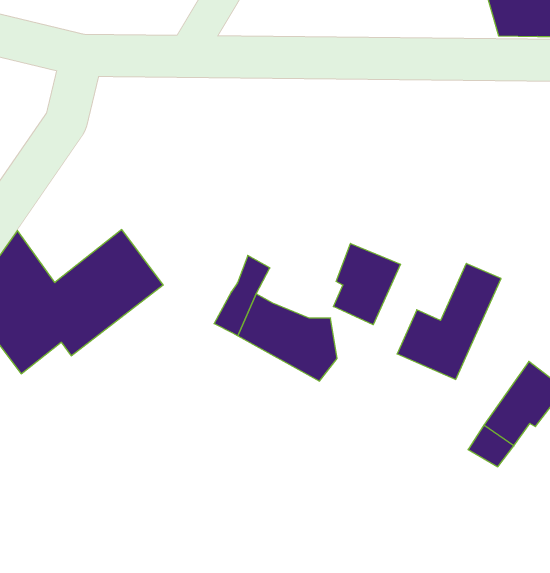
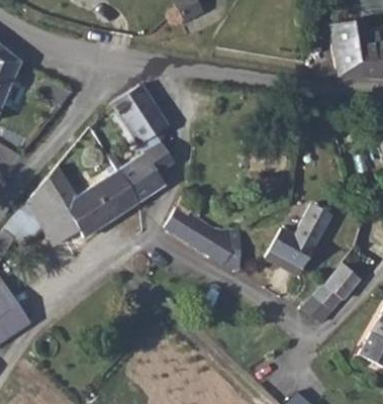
building: none -> [112,86,176,203]
building: [333,243,401,325] -> none

